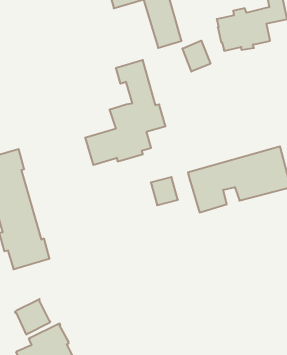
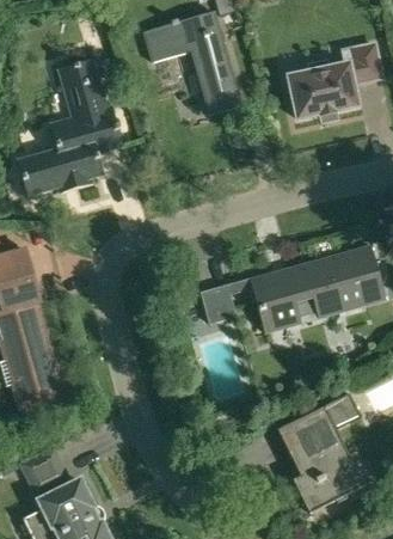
building: [182,41,210,72] -> none
building: [85,60,166,165] -> [18,59,124,197]
building: none -> [278,393,364,513]

